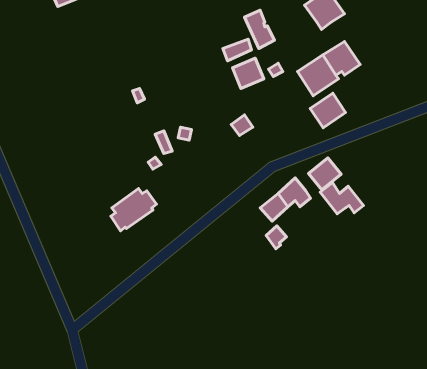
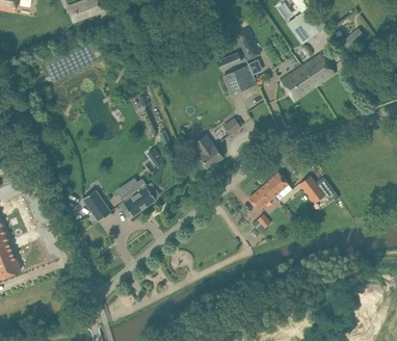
building: [310,93,346,128] -> none
building: none -> [194,138,222,167]
building: [308,158,341,190] -> none
building: none -> [82,189,110,220]

